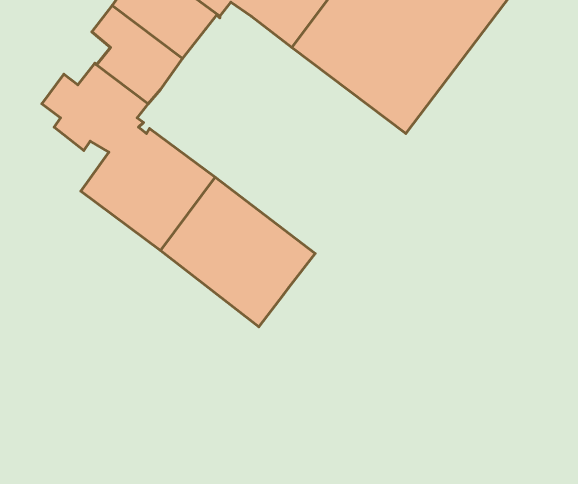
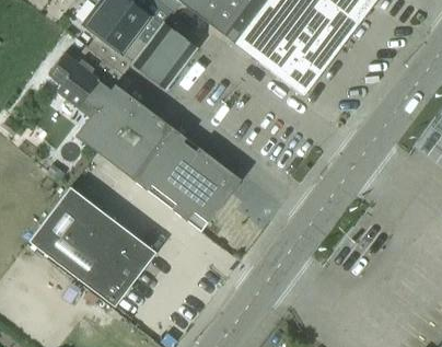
building: none -> [132,22,197,90]
building: none -> [30,187,155,305]

